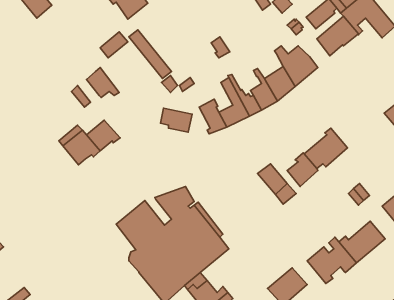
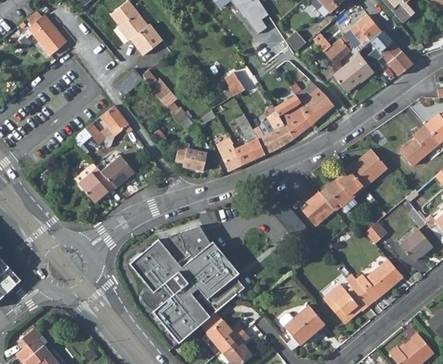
building: none -> [347,149,387,186]

